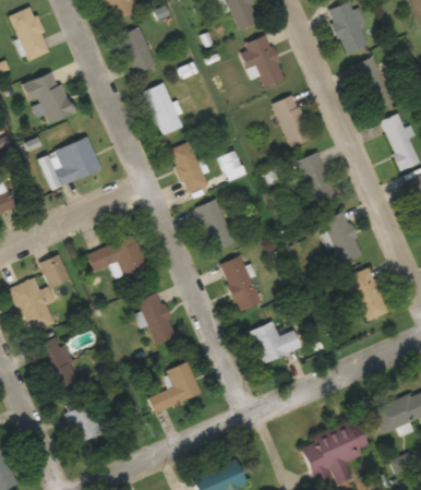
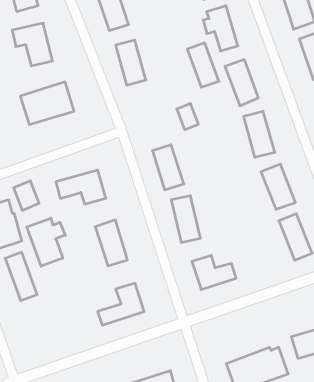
building: [169,142,208,193] -> [187,43,219,87]
building: none -> [27,218,65,266]
building: [64,403,103,444] -> none

